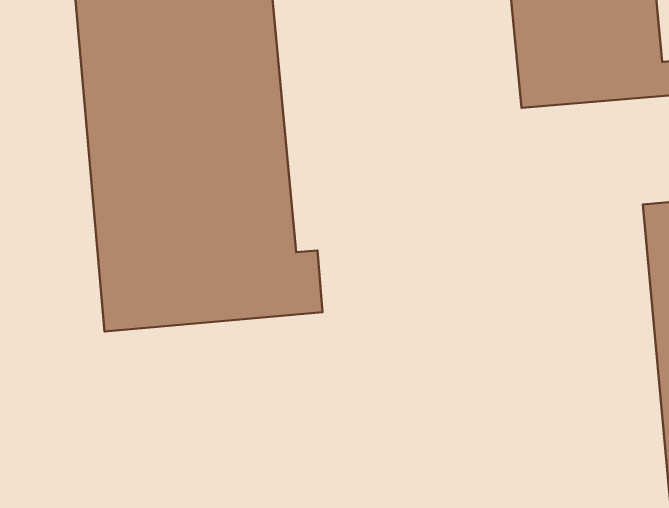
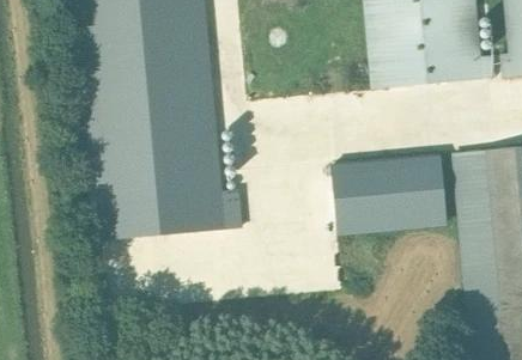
building: none -> [330,155,445,231]

